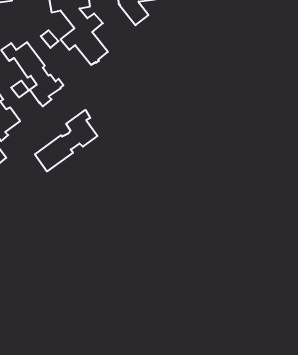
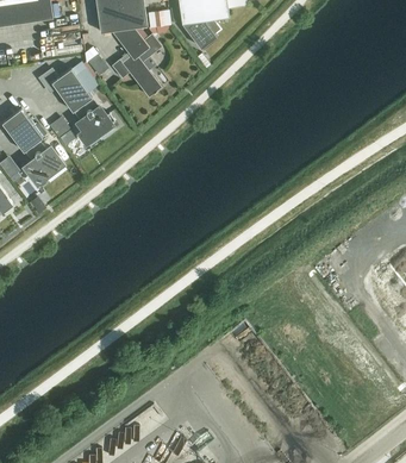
building: [35,110,97,171] -> none

